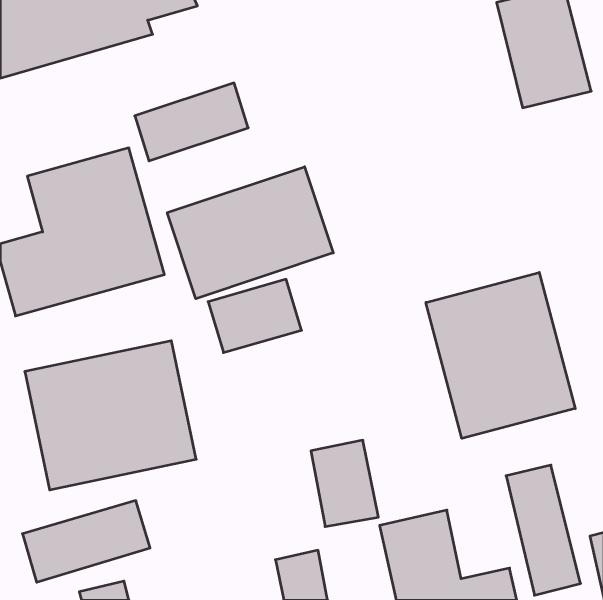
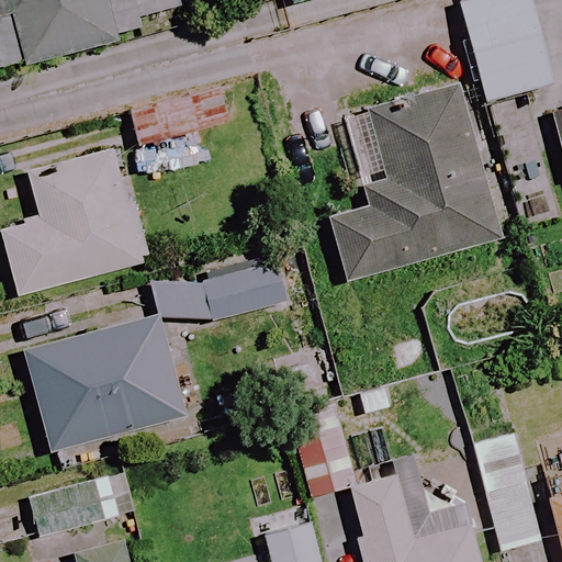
building: none -> [329,87,506,282]
building: [167,167,333,299] -> none
building: [426,272,575,438] -> none

